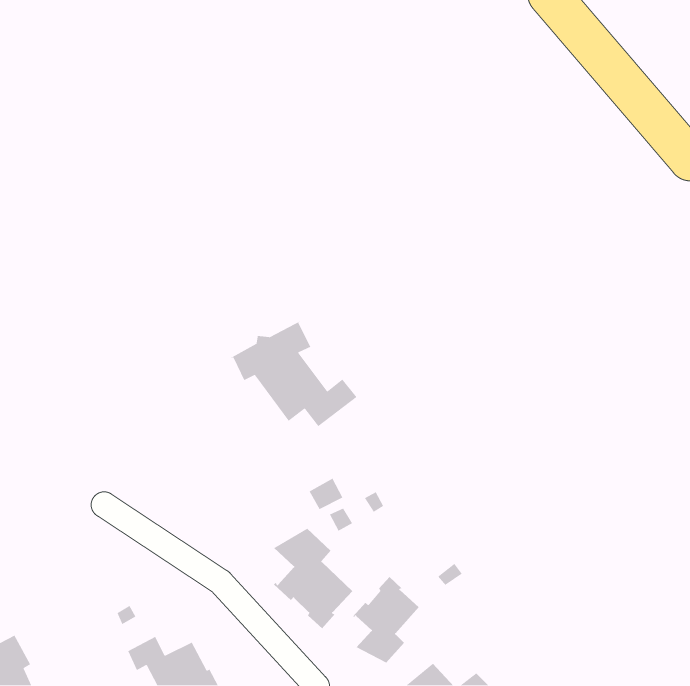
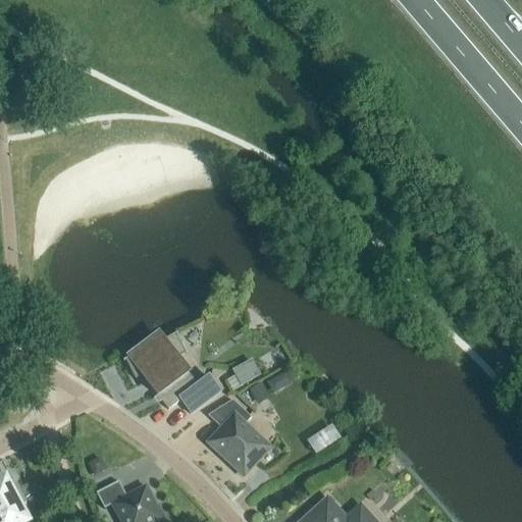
building: [229,320,357,427] -> [122,330,219,411]
building: [352,576,420,663] -> none

